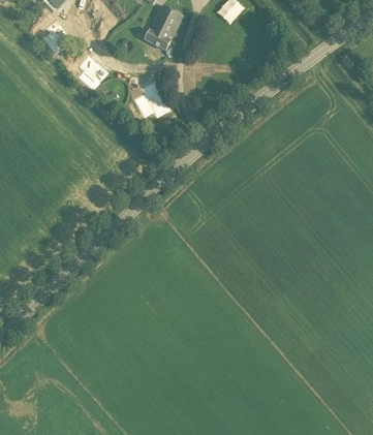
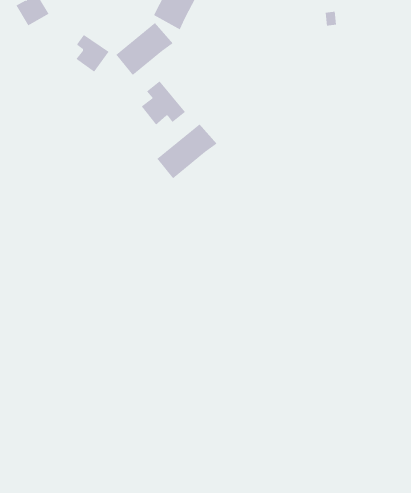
building: none -> [116,22,173,76]
building: none -> [157,123,217,179]

